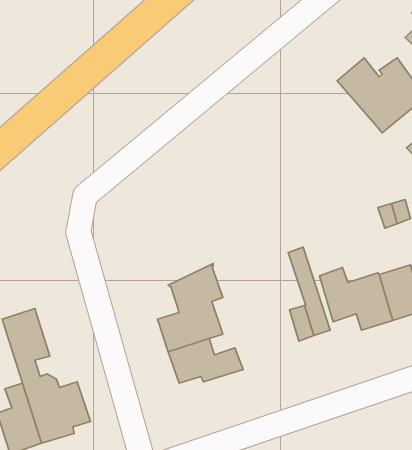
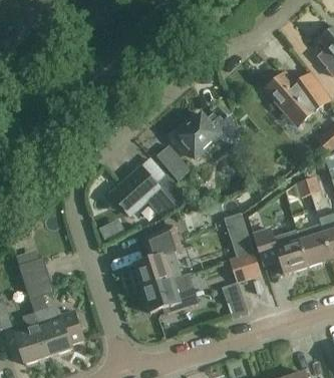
building: none -> [176,102,231,156]
building: none -> [155,140,193,178]
building: none -> [111,166,185,215]
building: none -> [220,281,247,317]

